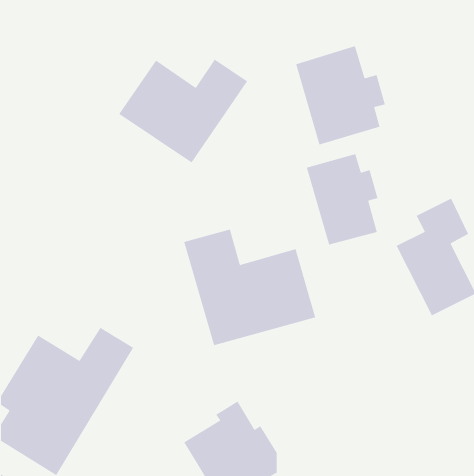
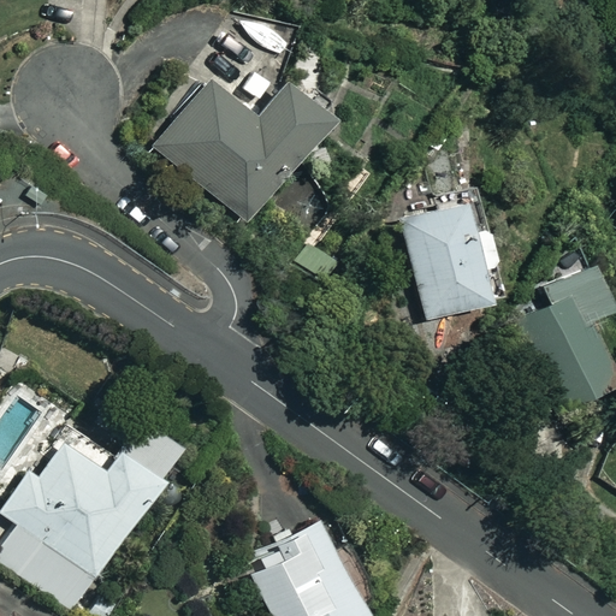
building: [295,45,386,146] -> none
building: [183,228,316,346] -> none

